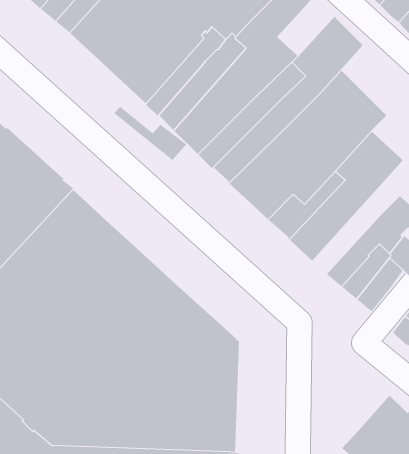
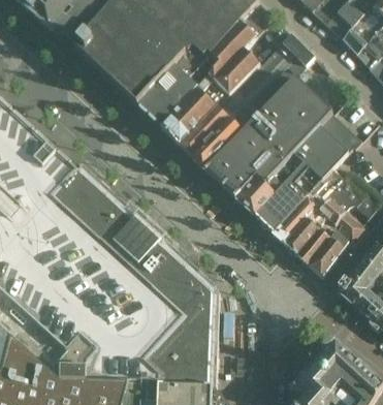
building: [113,106,187,162] -> none
building: none -> [276,167,347,243]

